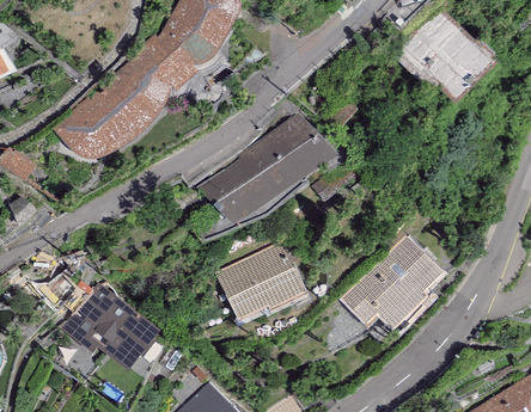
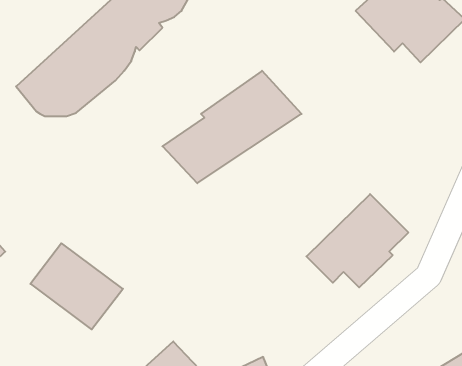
building: [216,239,309,319] -> none

